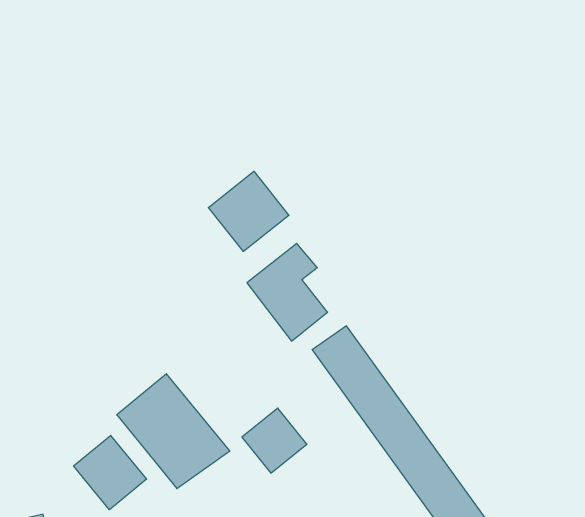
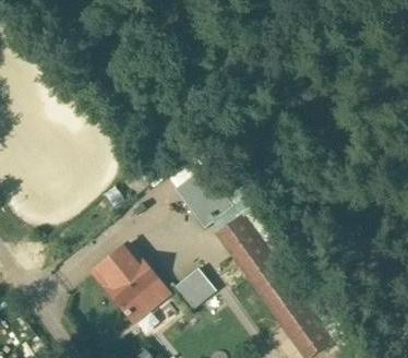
building: [208,171,289,251] -> none
building: [74,435,147,510] -> none

